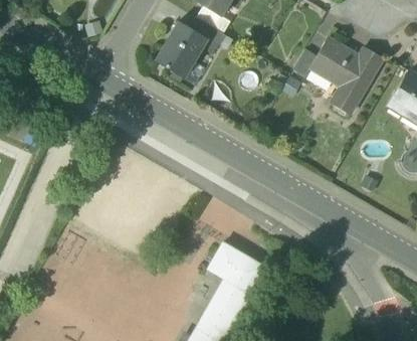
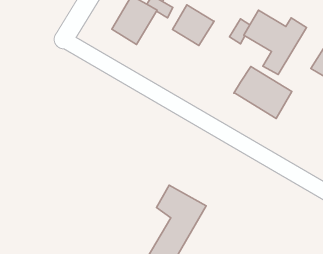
building: none -> [173,5,214,45]
building: none -> [234,67,292,118]

